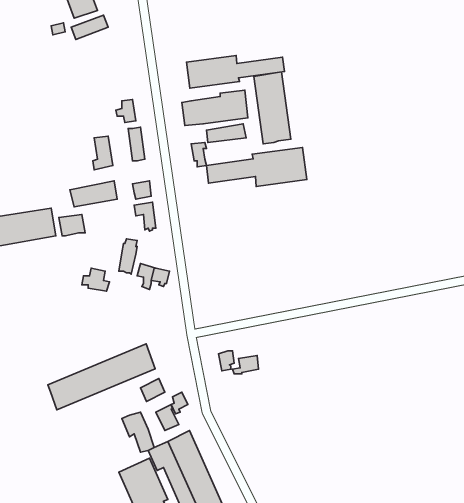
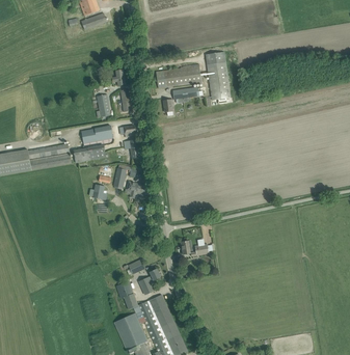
building: [187,55,284,88] -> none
building: [206,147,307,186] -> none
building: [48,344,155,410] -> none

